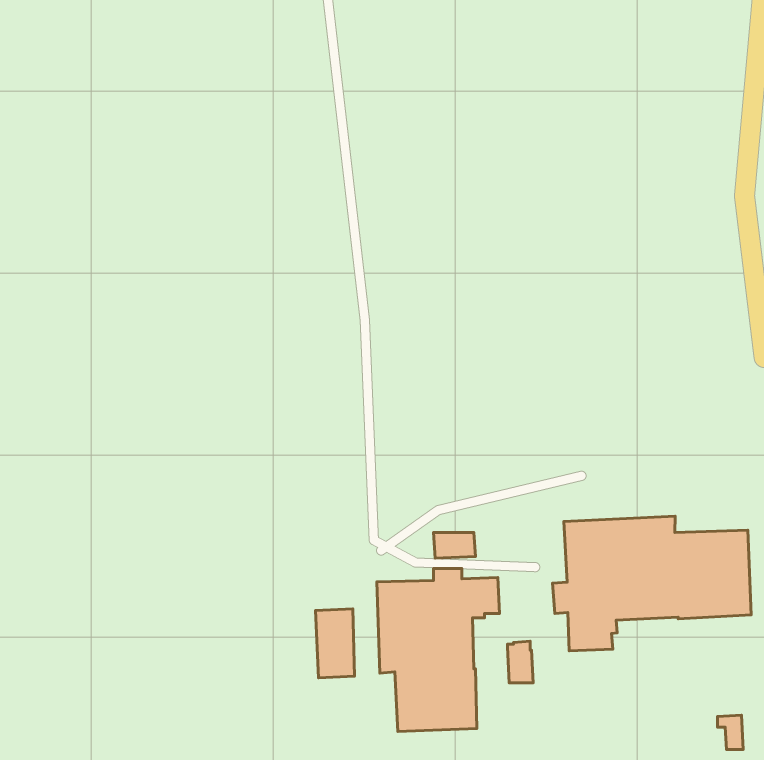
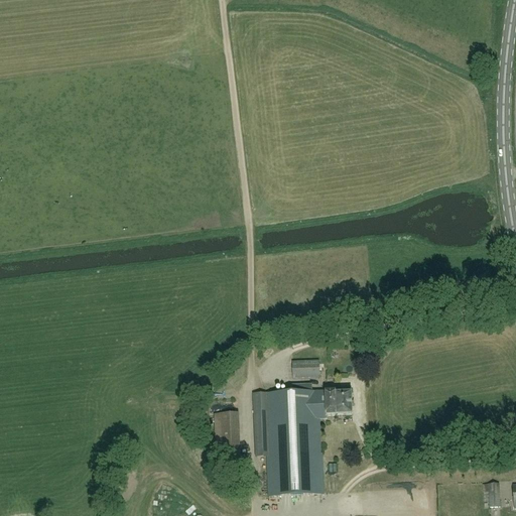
building: [552,516,751,651] -> none
building: [508,641,533,683] -> [336,385,353,413]

